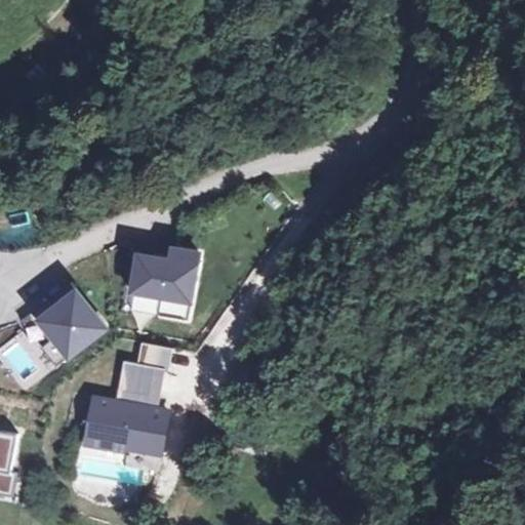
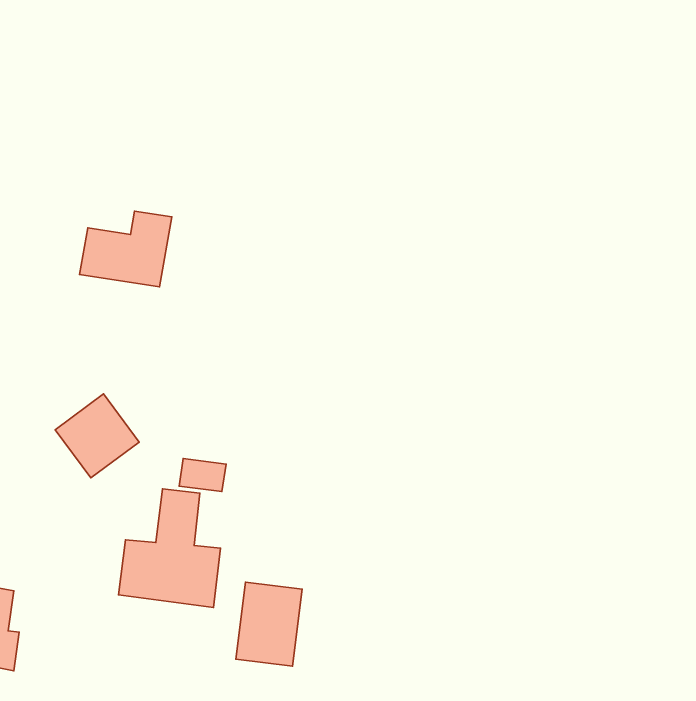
building: [131,247,200,304] -> [79,211,172,287]
building: none -> [236,582,302,666]

